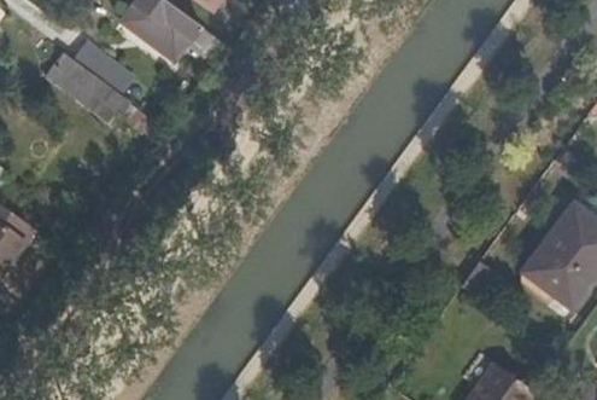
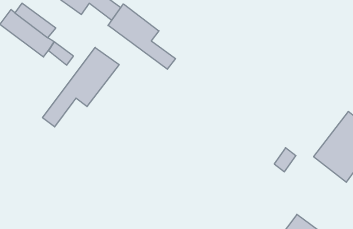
building: none -> [108,4,175,69]
building: none -> [43,47,119,127]

